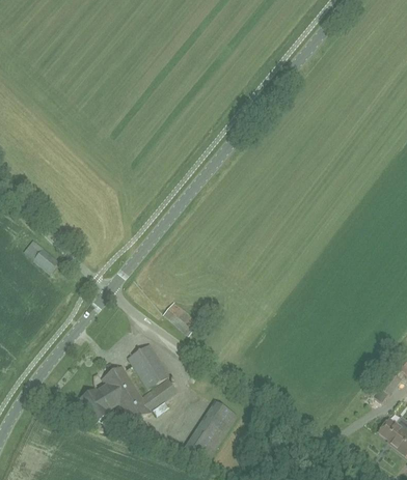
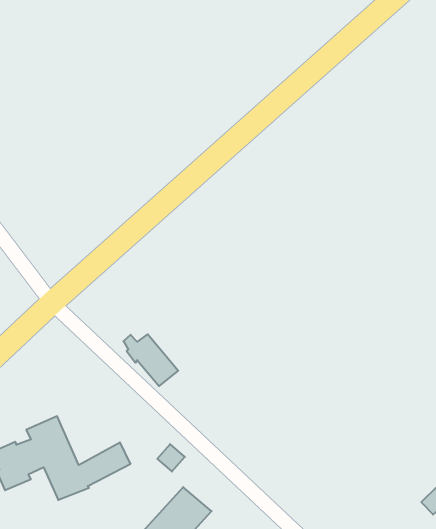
building: [127,342,167,387] -> none

